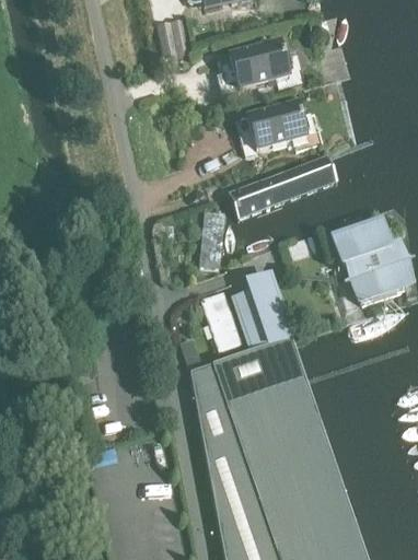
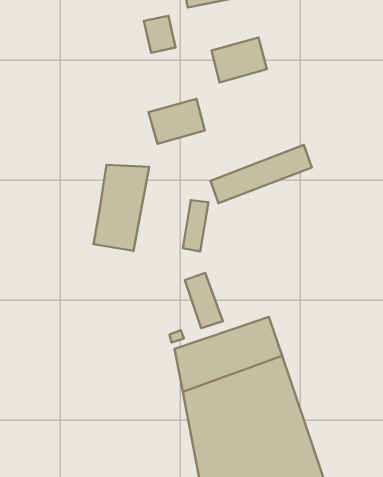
building: [247,102,307,150] -> [148,99,205,144]
building: none -> [94,165,149,251]
building: [335,221,408,303] -> none
building: [235,275,292,352] -> none

